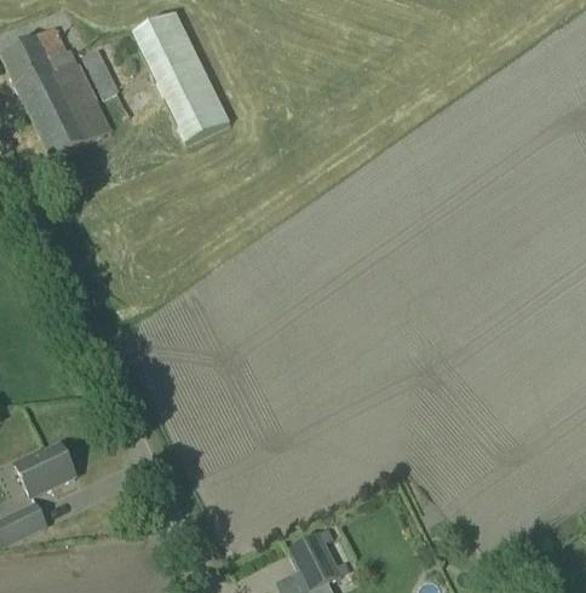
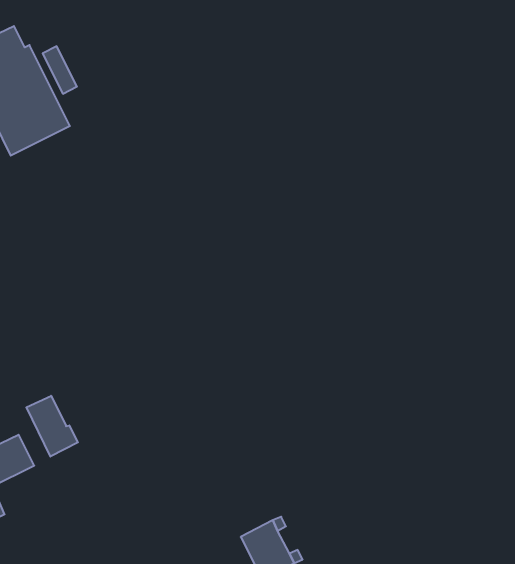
building: [132,11,230,142] -> none
building: none -> [26,396,78,457]

